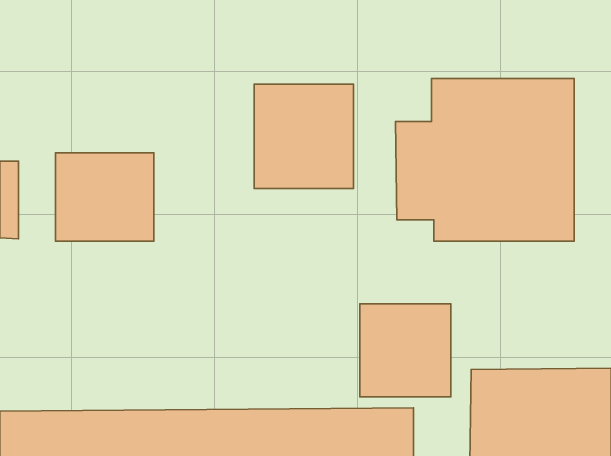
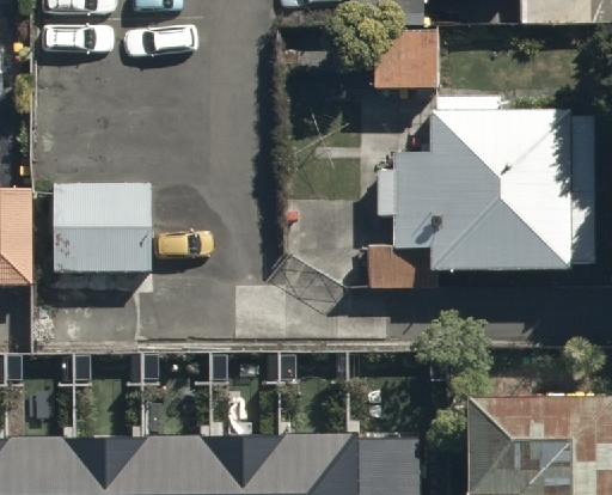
building: [254,84,354,188] -> none
building: [360,304,451,397] -> none

